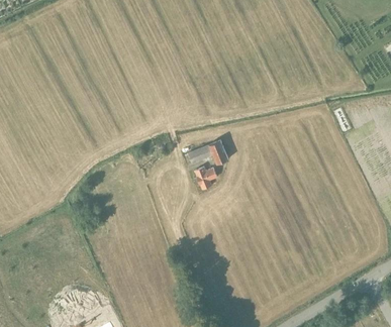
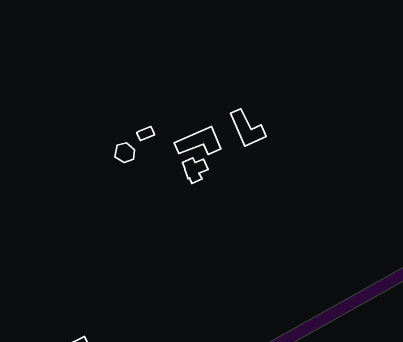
building: none -> [230,109,266,146]

